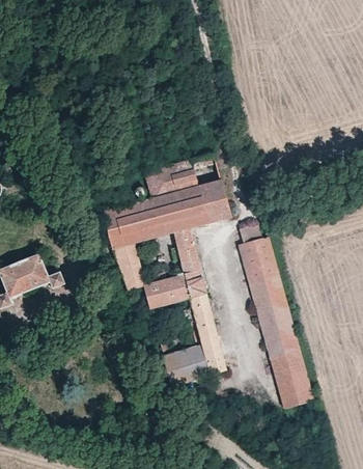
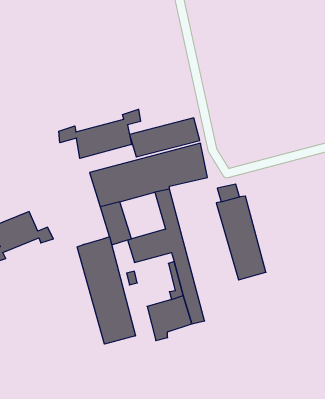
building: none -> [59,109,140,158]
building: none -> [77,236,135,344]
building: [261,319,313,409] -> none

